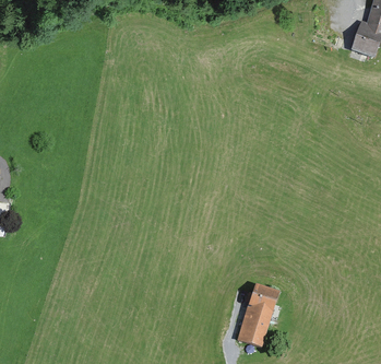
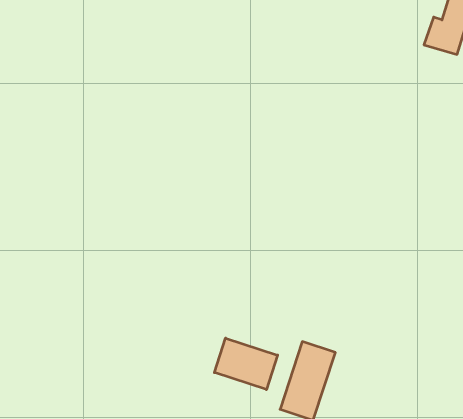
building: none -> [214,338,278,390]

